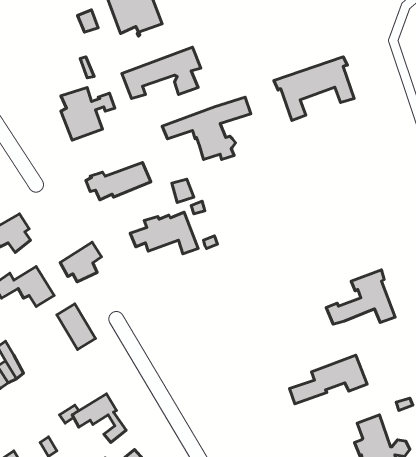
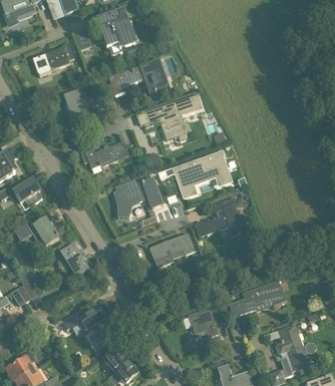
building: none -> [33,42,73,73]
building: [274,57,354,121] -> [171,150,229,197]
building: [60,242,101,282] -> none
building: [326,270,395,324] -> [194,197,244,236]
building: none -> [148,233,195,267]
building: none -> [189,303,221,336]

